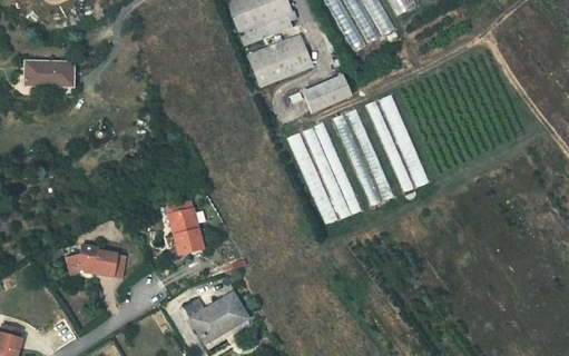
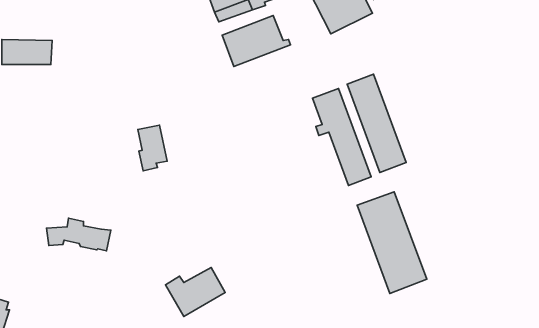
building: [297,78,344,113] -> none
building: [290,123,361,227] -> [357,192,427,293]
building: [173,204,203,250] -> [138,125,167,171]

